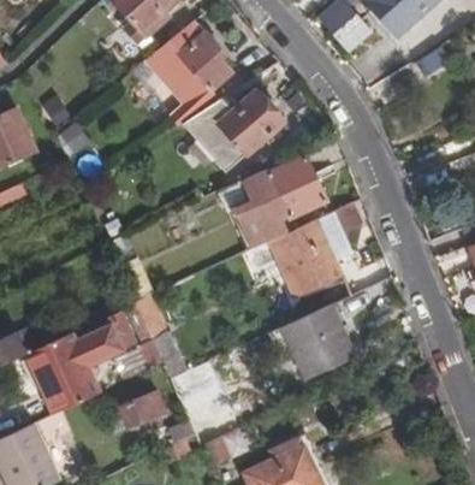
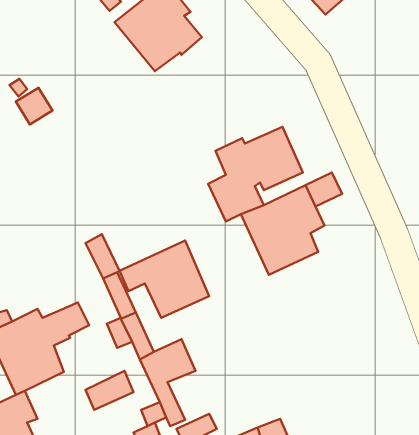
building: [183,94,285,173] -> none
building: [267,307,352,380] -> [120,241,209,318]

